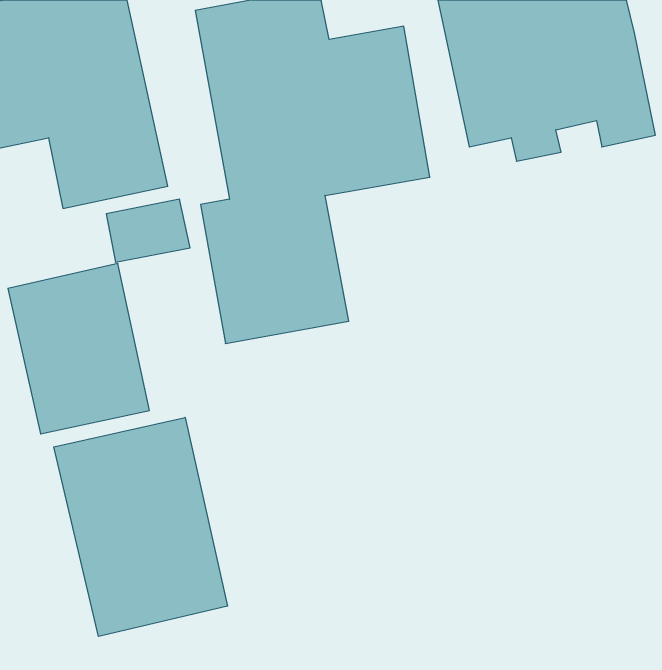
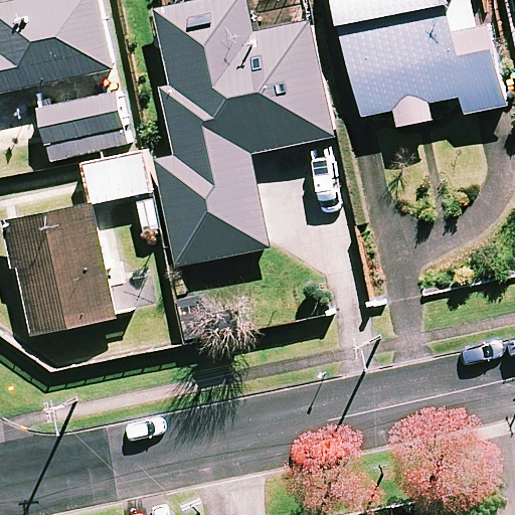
building: [54,417,228,636] -> none

